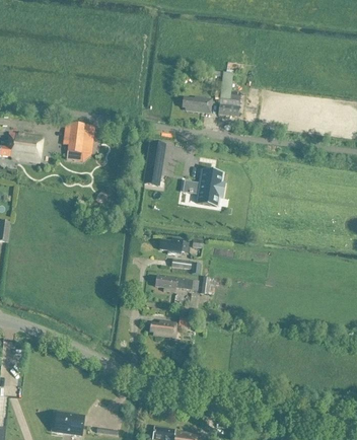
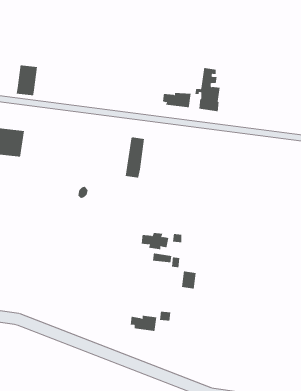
building: [65,121,87,152] -> [16,65,38,96]
building: [200,170,225,204] -> none
building: [155,276,198,291] -> none

